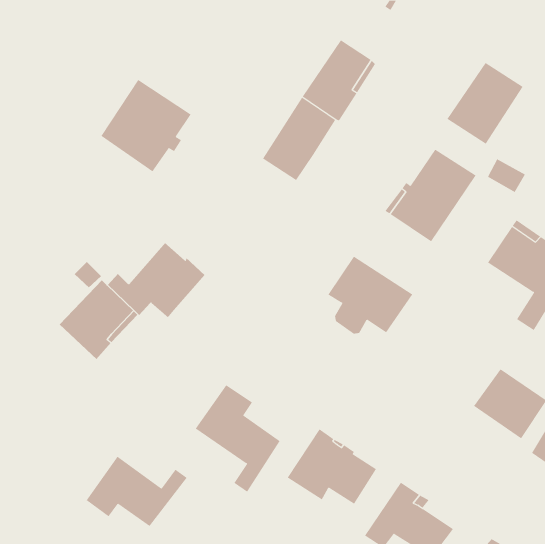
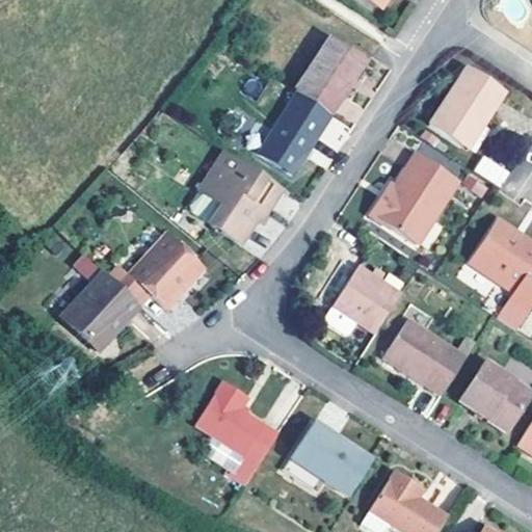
building: [100,79,192,172] -> [187,156,275,246]
building: none -> [382,317,466,392]
building: [86,456,187,527] -> none

